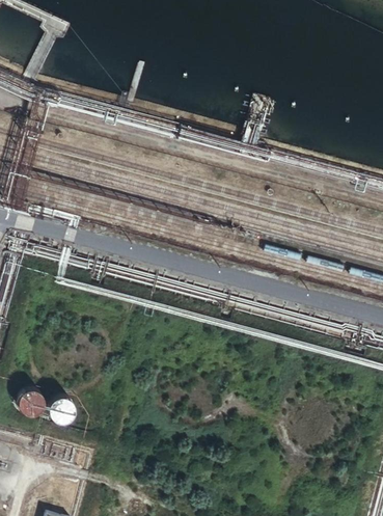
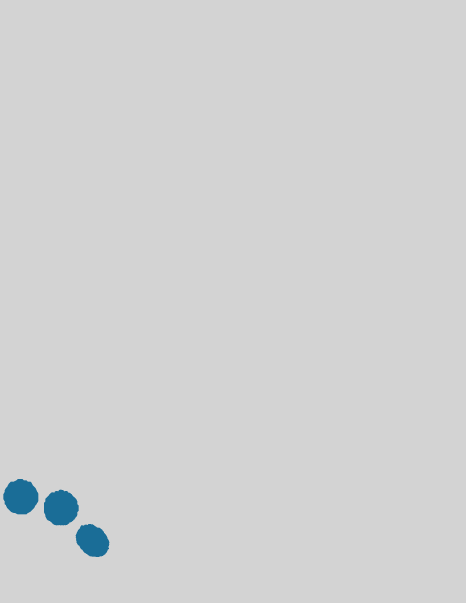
building: none -> [75,523,110,558]

